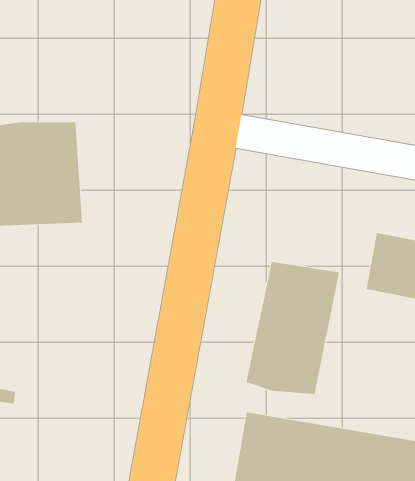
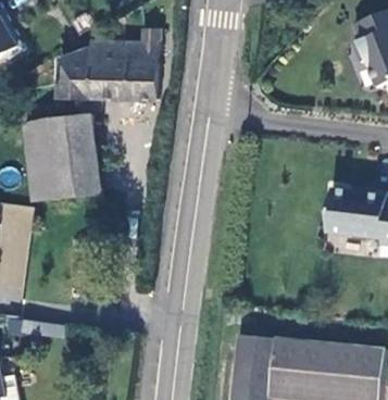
building: none -> [59,26,160,100]
building: [246,261,340,395] -> none

